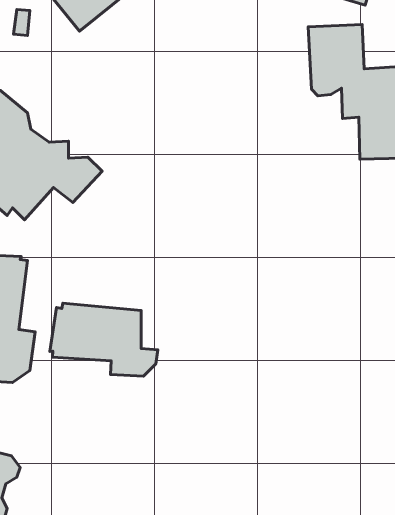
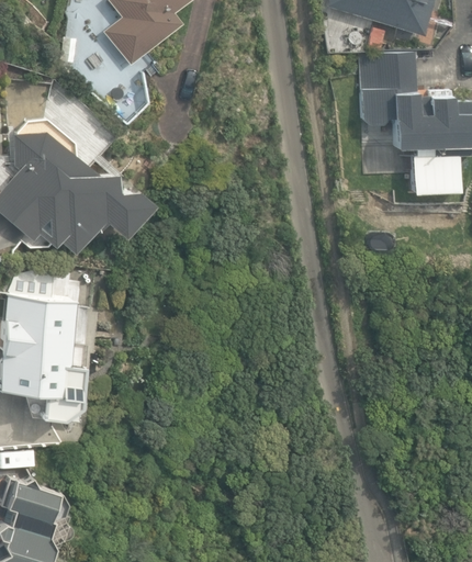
building: [50,303,158,376] -> none

